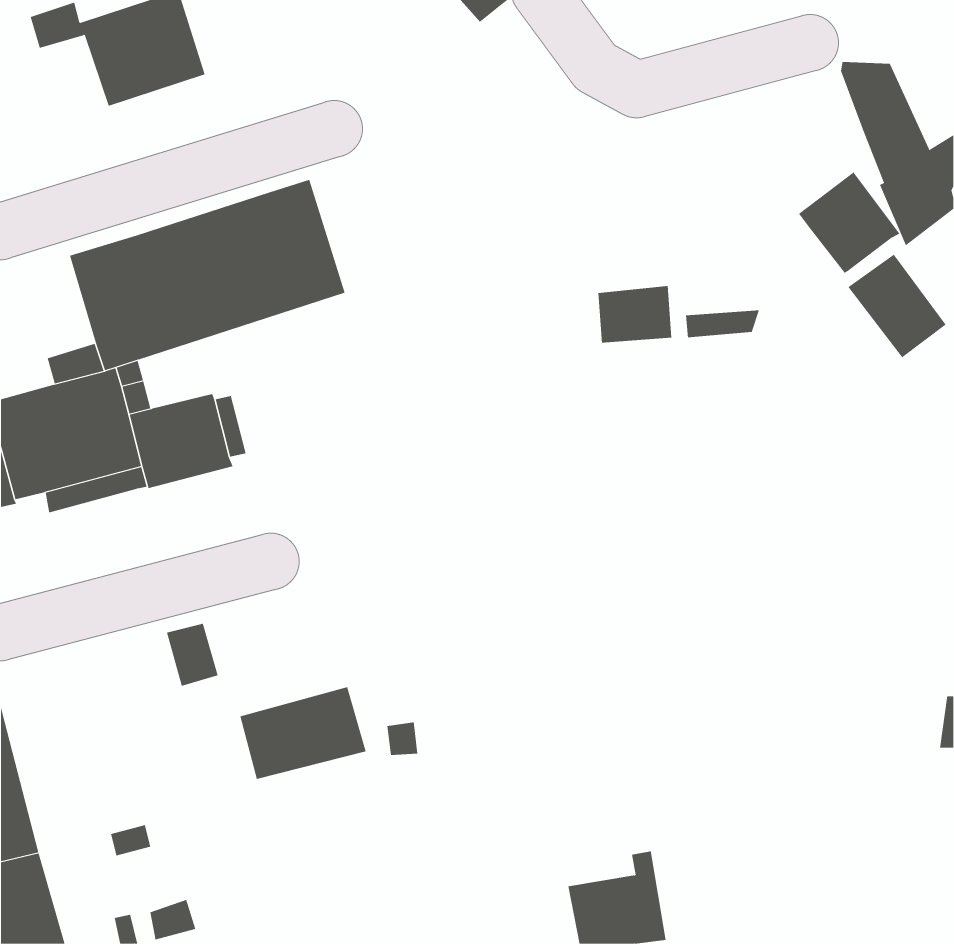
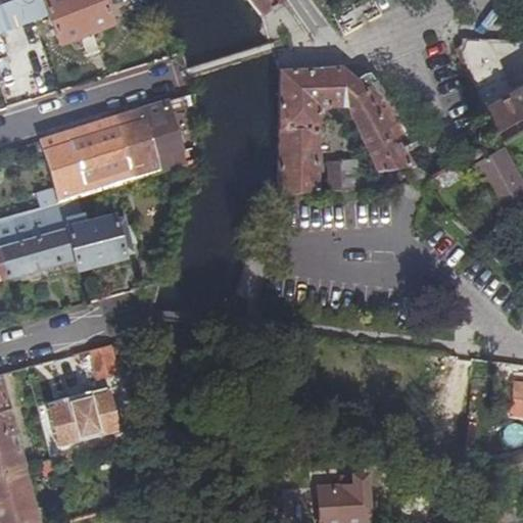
building: none -> [278,61,423,193]
building: [798,171,900,274] -> none
building: [239,686,366,780] -> [50,390,120,441]

